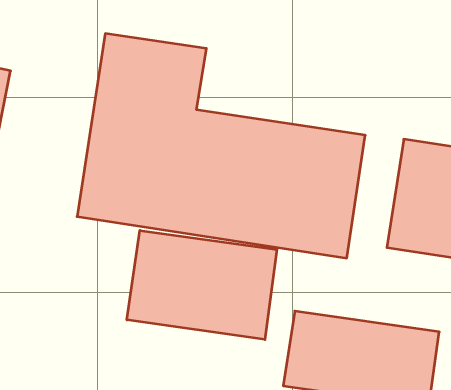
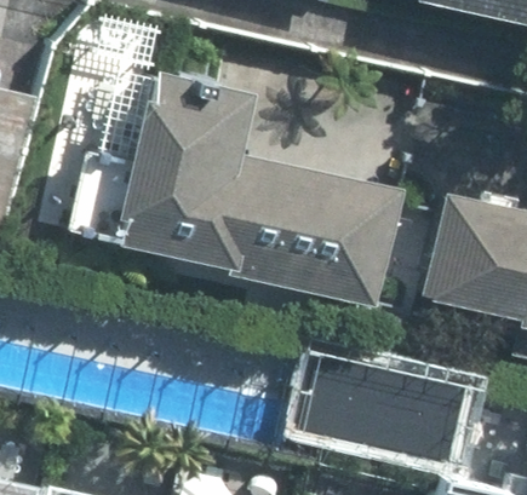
building: [127,230,277,340] -> none

